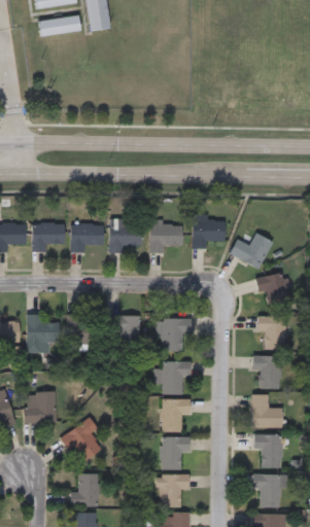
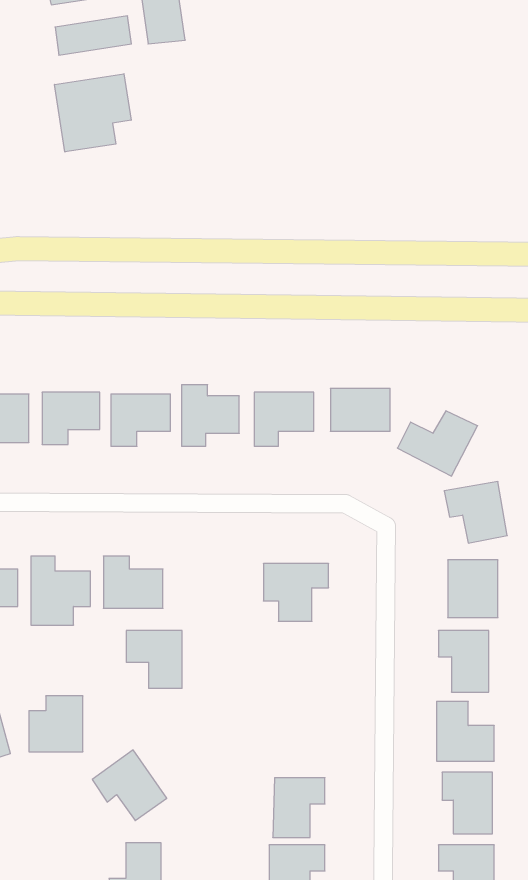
building: none -> [55,74,131,152]
building: [106,314,137,346] -> [126,631,182,688]
building: [162,360,188,393] -> none
building: [161,398,190,431] -> none

